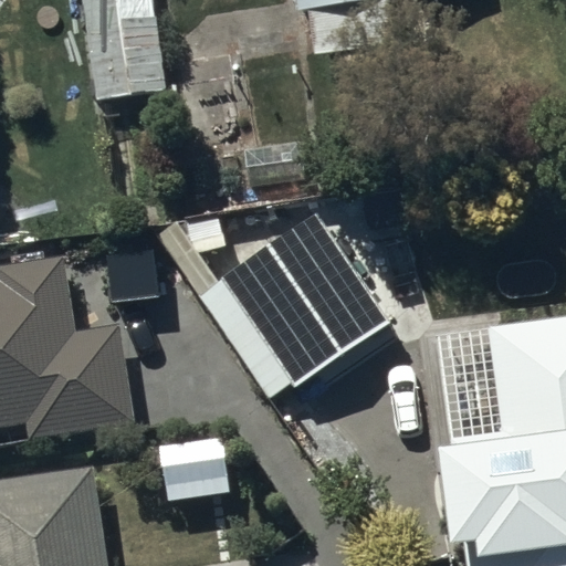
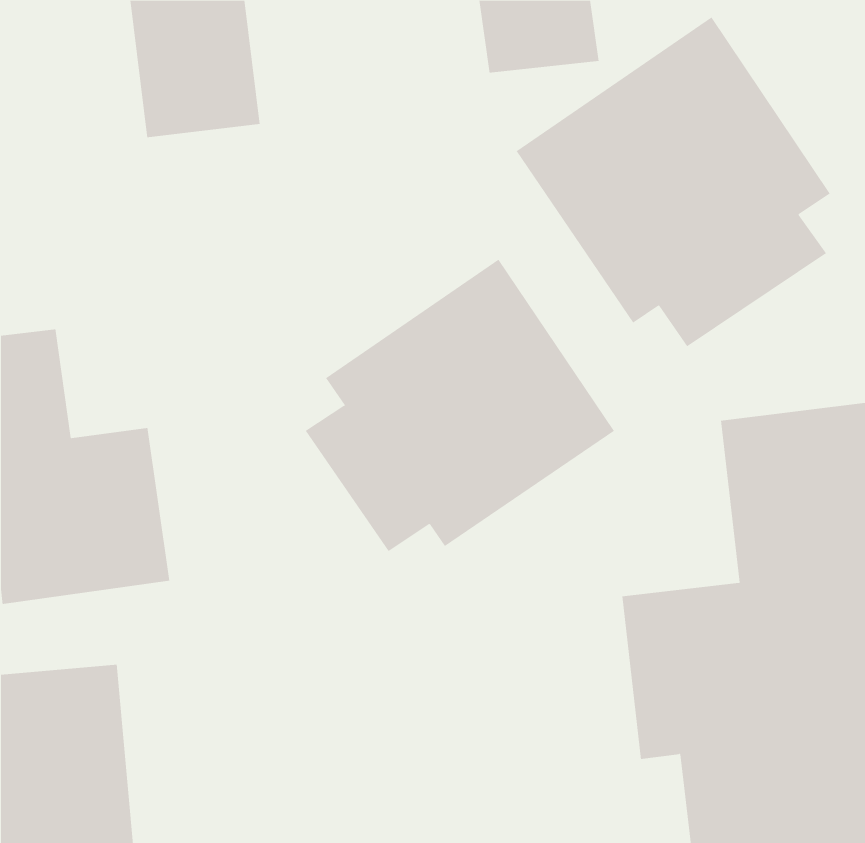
building: none -> [516,16,831,347]

